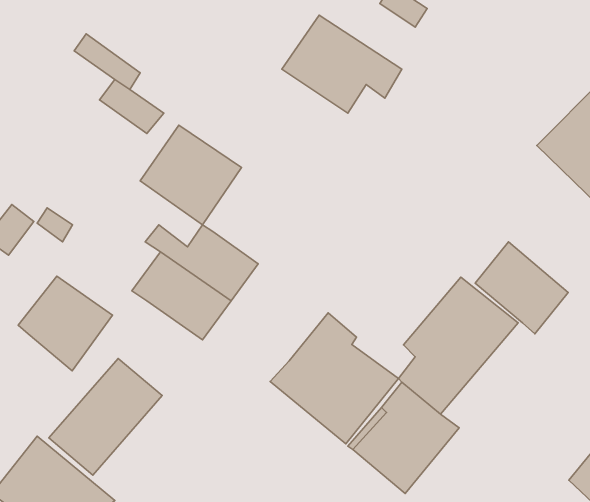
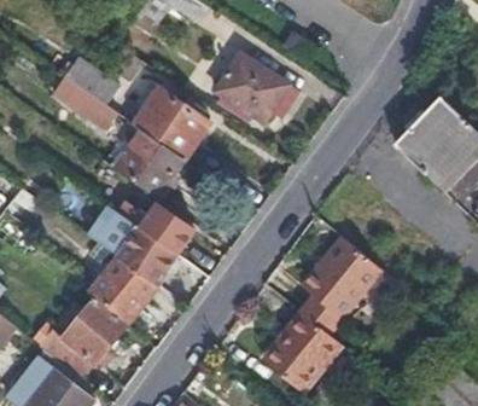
building: none -> [134,87,208,159]
building: [475,242,568,334] -> none
building: [18,276,113,371] -> [88,255,156,323]
building: [270,313,398,444] -> none

